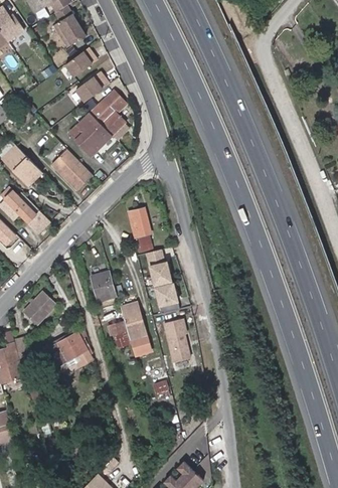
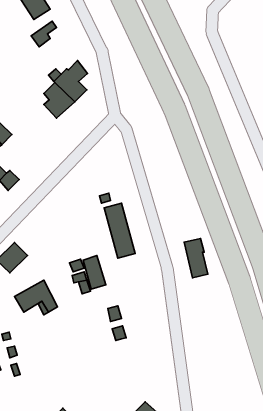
building: [75,71,109,100] -> none
building: [49,148,94,192] -> none
building: [129,209,151,236] -> none
building: [93,273,117,302] -> none
building: [164,320,190,363] -> [184,238,208,278]

